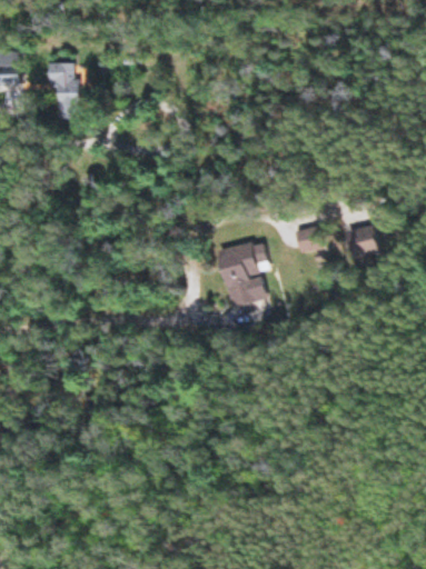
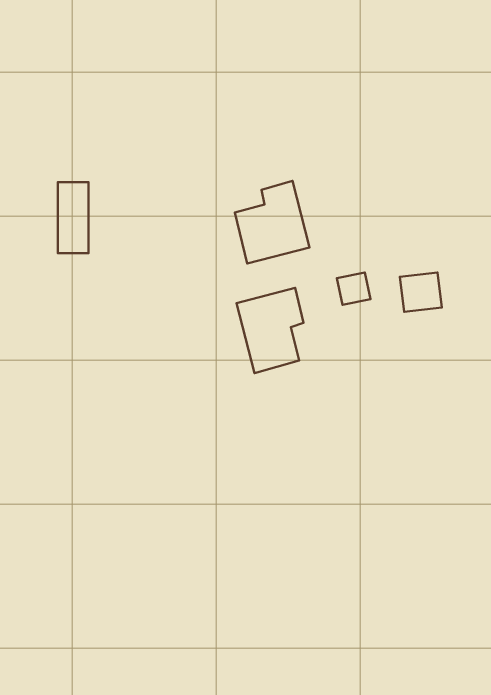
building: [53,63,78,120] -> [58,182,89,253]
building: none -> [235,181,310,264]

